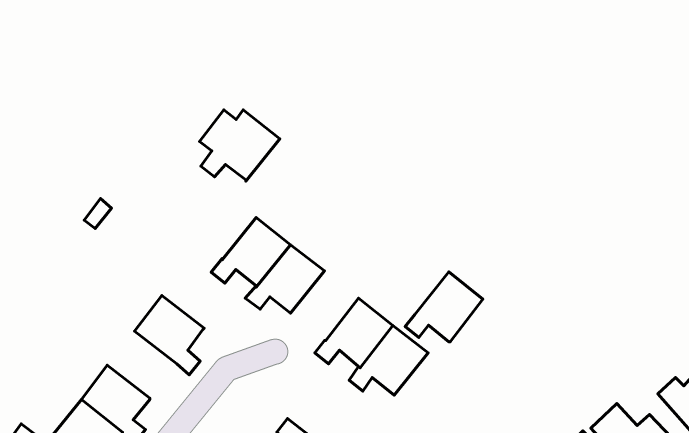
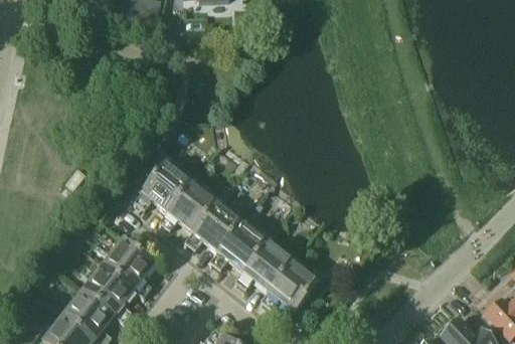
building: [199,110,280,181] -> [133,160,192,212]
building: [405,272,483,342] -> [210,220,268,272]
building: none -> [82,265,134,322]

